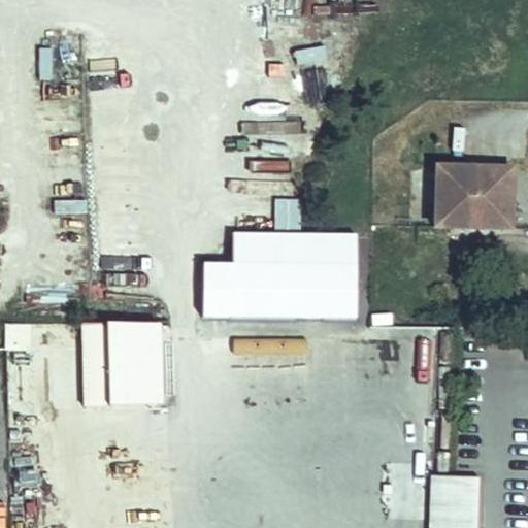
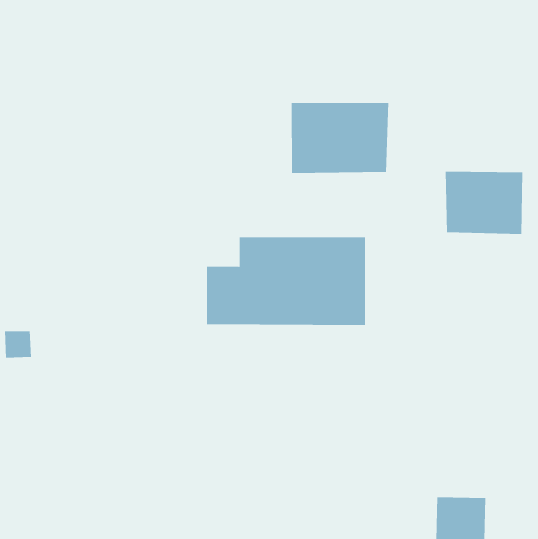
building: none -> [291,102,389,174]
building: [82,320,164,406] -> none

